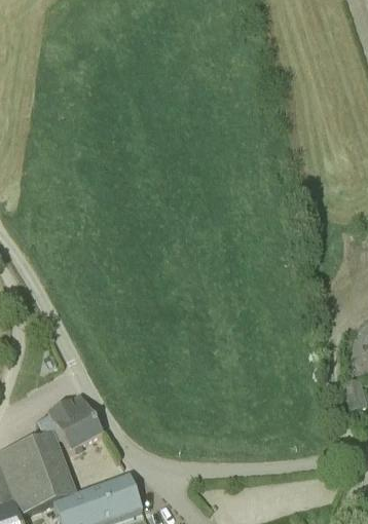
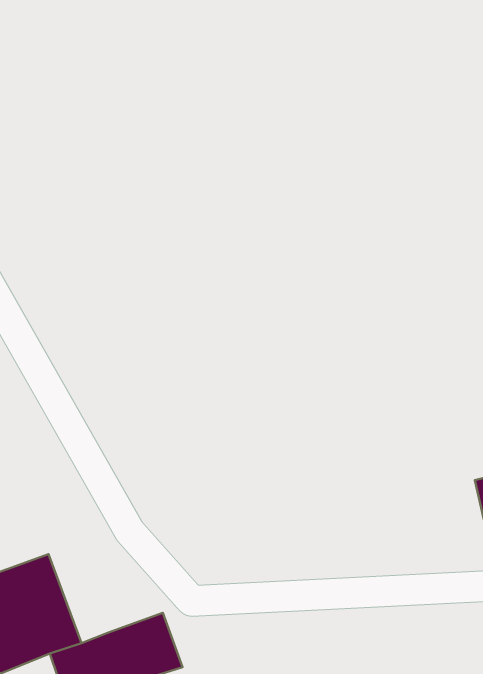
building: [49,395,104,451] -> none

